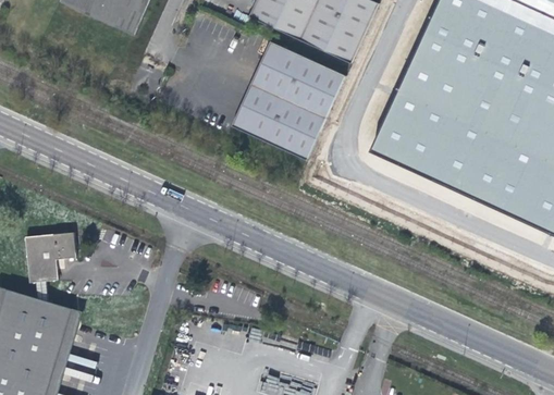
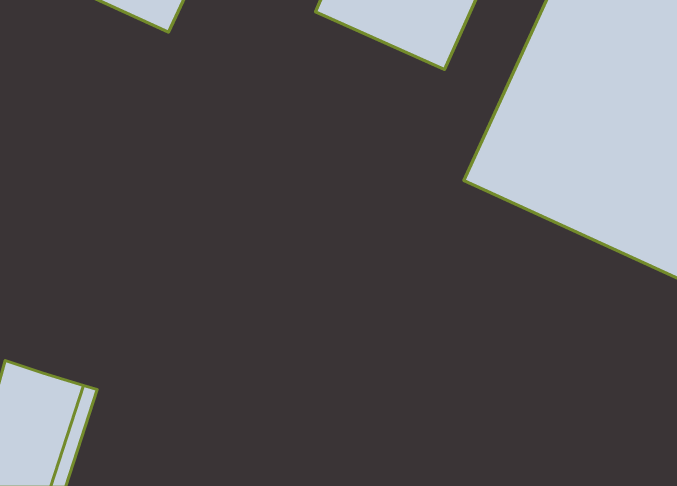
building: [235,41,348,161] -> none
building: [22,233,73,284] -> none

